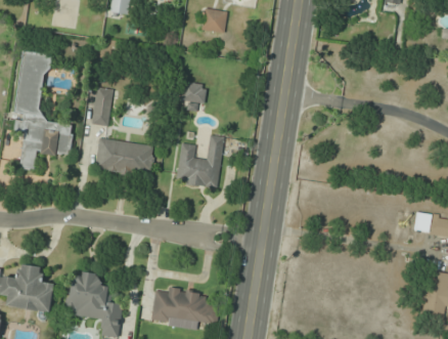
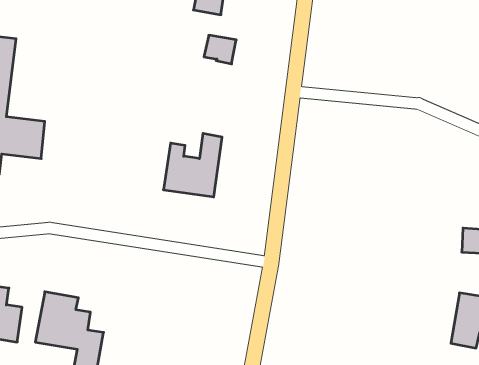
building: [180,82,208,107] -> [204,35,236,64]
building: [92,88,113,126] -> none
building: [94,138,154,178] -> none
building: [150,287,220,329] -> none

